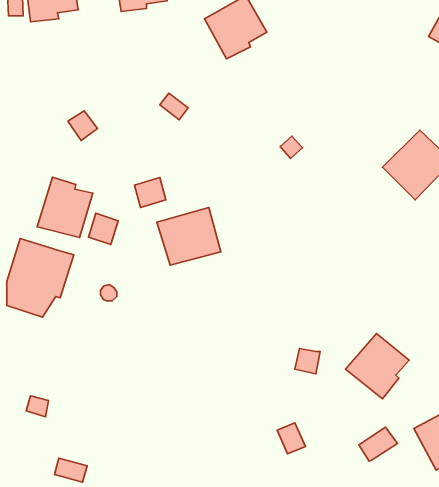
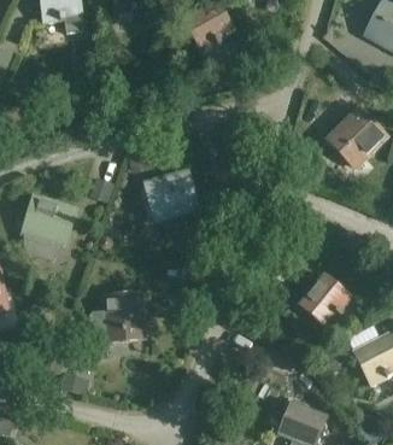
building: [37,177,93,237] -> none
building: none -> [89,293,142,339]

